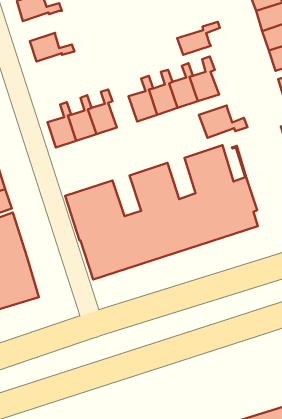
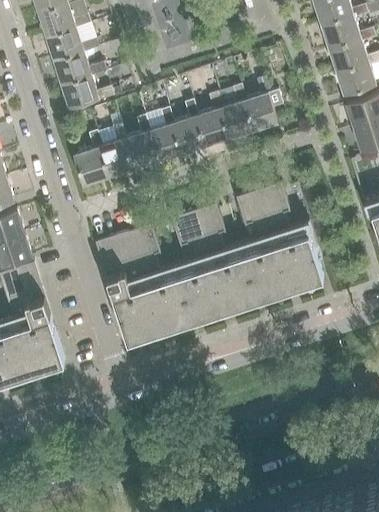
building: none -> [45,25,98,61]
building: [177,22,220,55] -> none
building: none -> [61,75,114,109]
building: none -> [146,110,180,163]
building: [199,106,247,138] -> none

